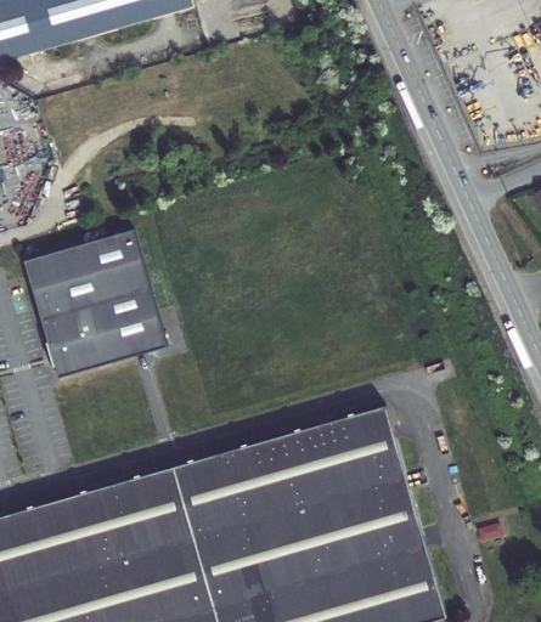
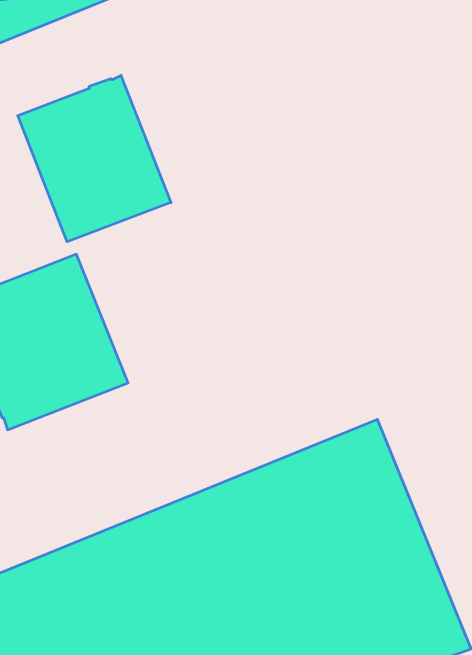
building: none -> [18,75,171,242]

